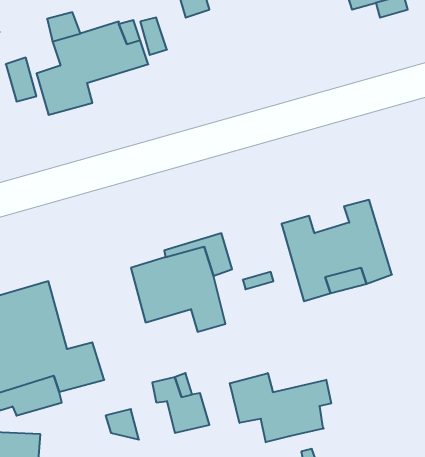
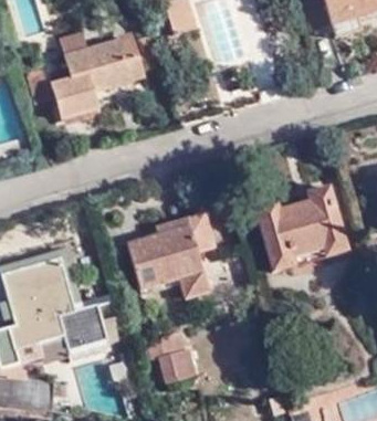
building: [230,373,331,442] -> none

